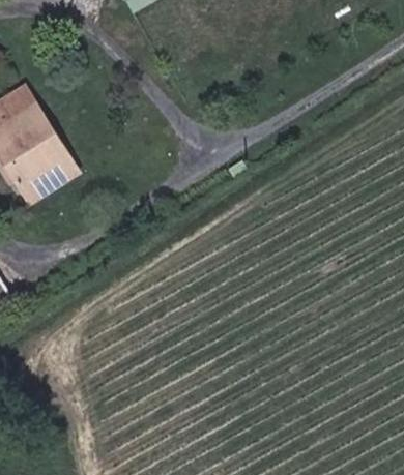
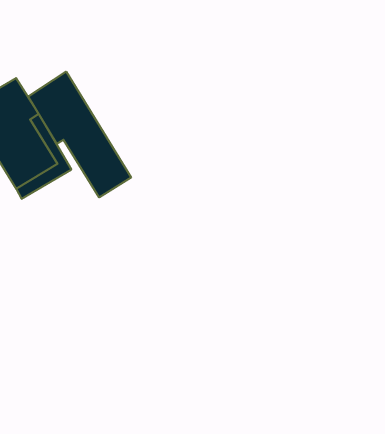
building: none -> [28,72,131,197]

